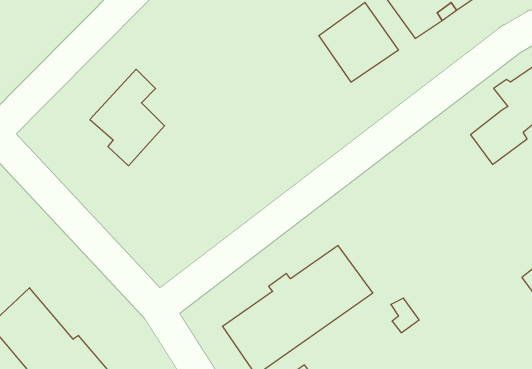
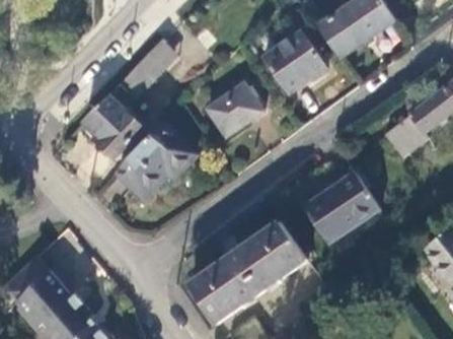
building: none -> [121,39,179,97]
building: none -> [206,82,263,136]
building: none -> [117,123,195,195]
building: none -> [303,174,380,243]

